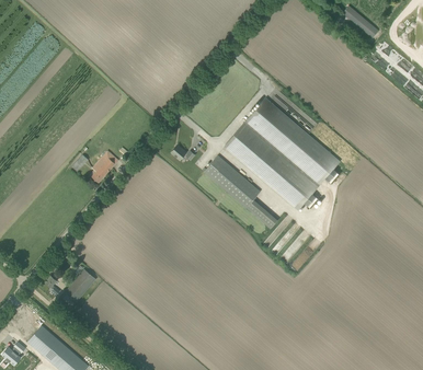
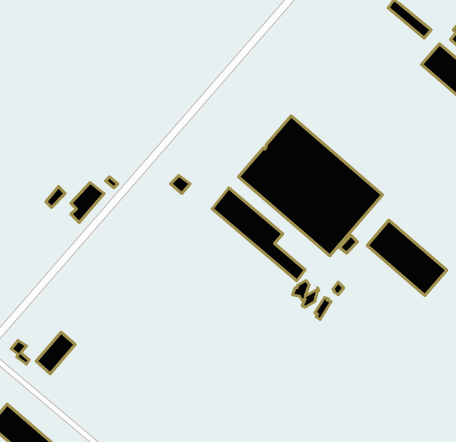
building: none -> [367,220,447,296]

